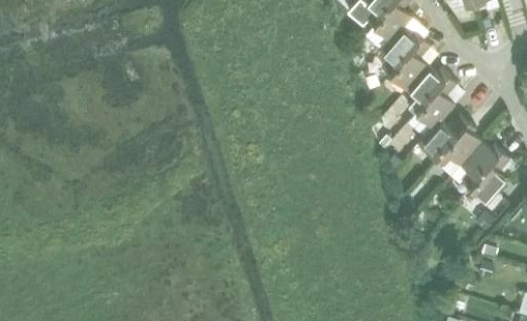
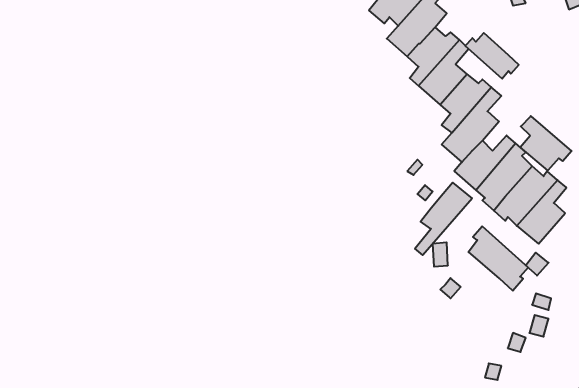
building: none -> [465,33,519,79]
building: none -> [520,116,572,170]
building: none -> [415,183,472,255]
building: none -> [468,226,528,291]

